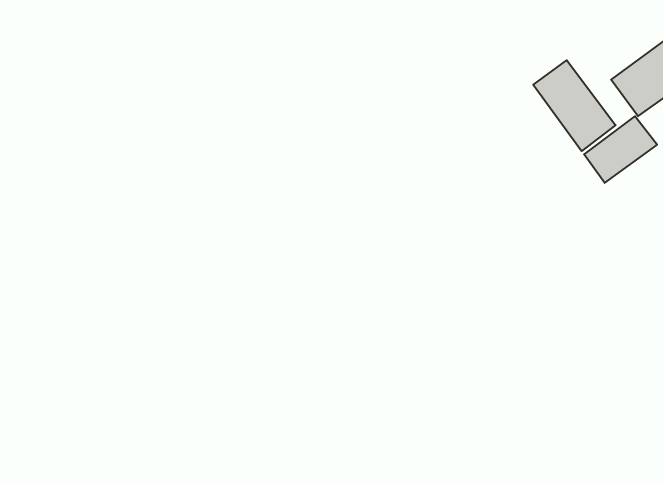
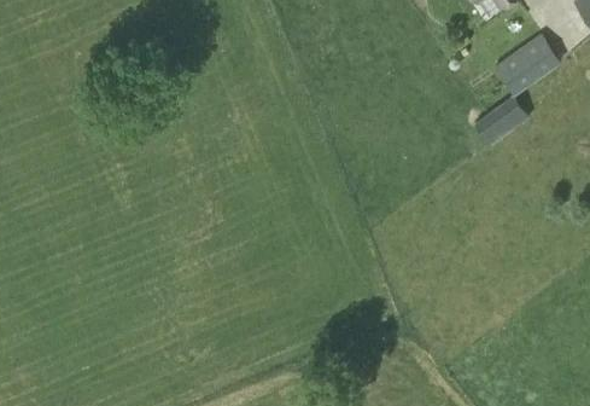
building: [533,60,616,151] -> none

